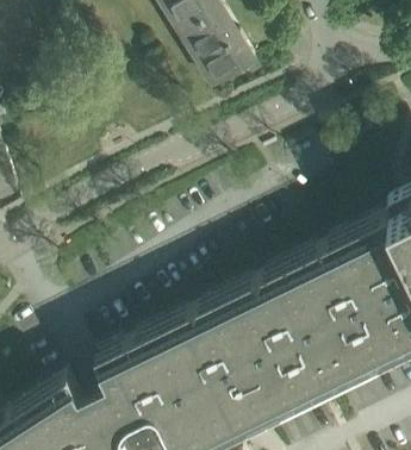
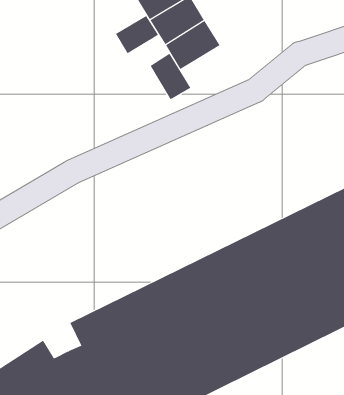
building: none -> [115,15,159,54]
building: none -> [150,53,191,100]

